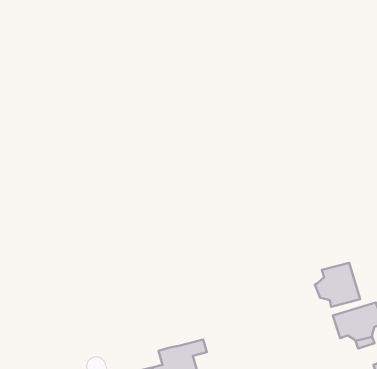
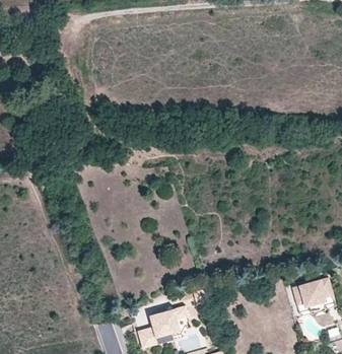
building: [315,263,360,307] -> none

